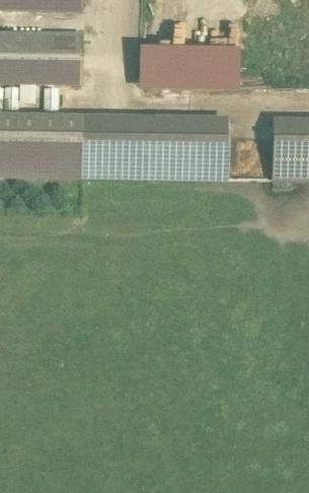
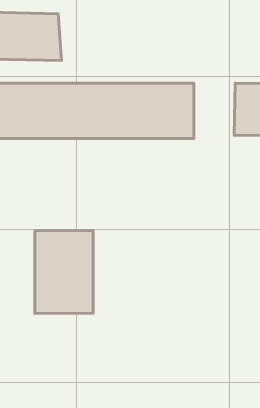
building: [142,48,239,83] -> none
building: none -> [35,231,93,313]

